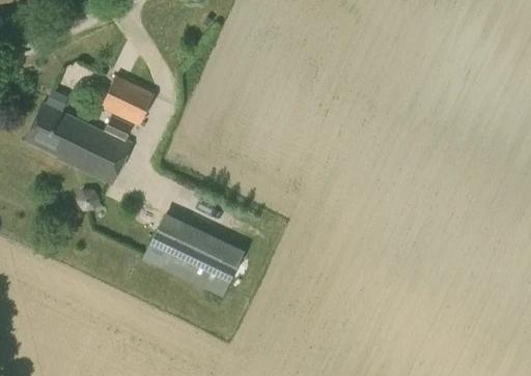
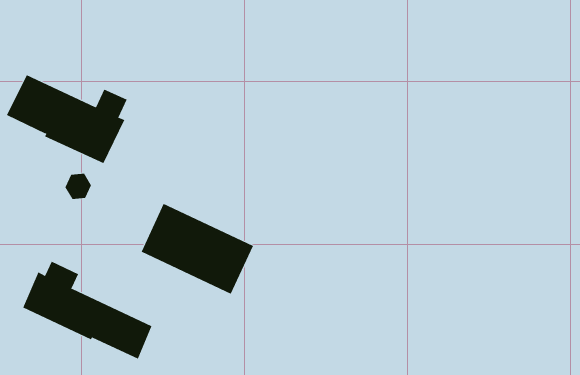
building: [103,77,155,123] -> none
building: none -> [22,261,152,359]

